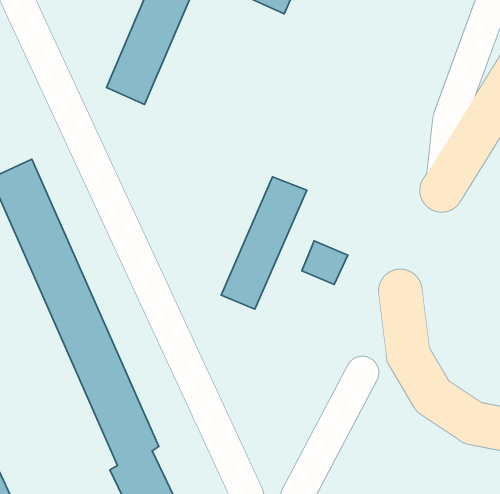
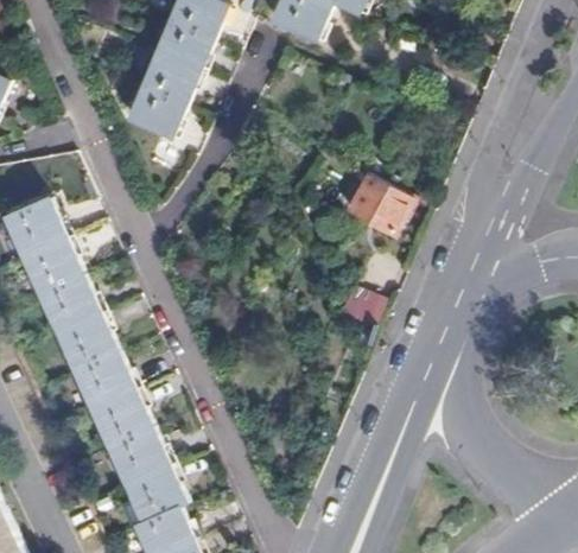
building: none -> [342,171,406,233]
building: [221,177,307,309] -> none

